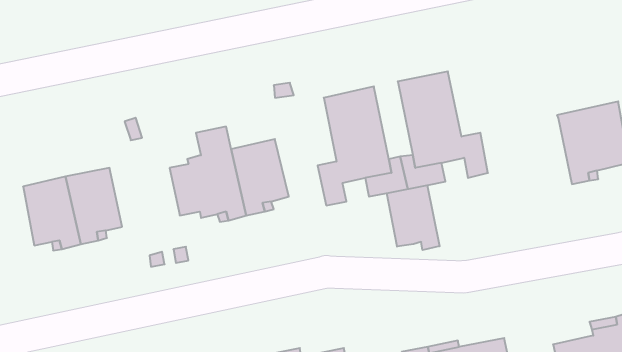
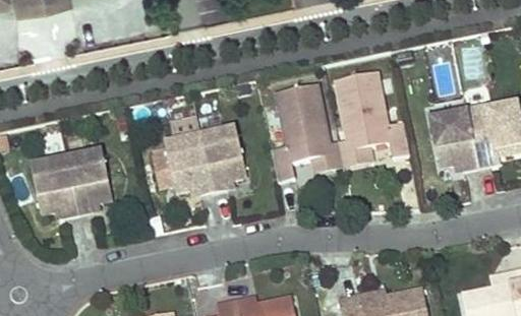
building: none -> [430,110,477,167]
building: [387,185,440,250] -> none

